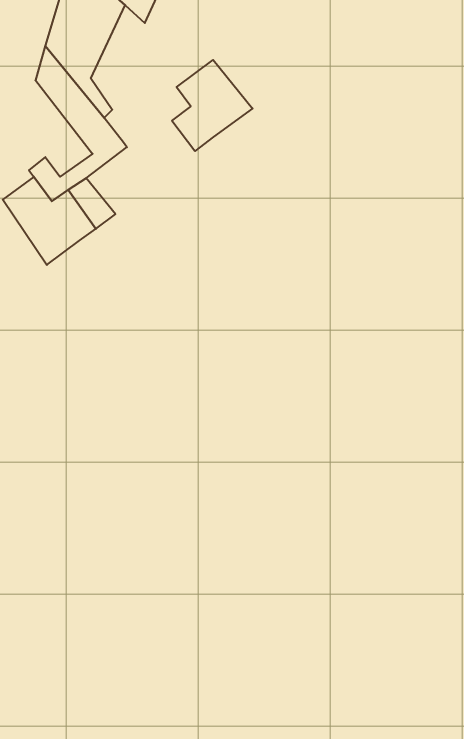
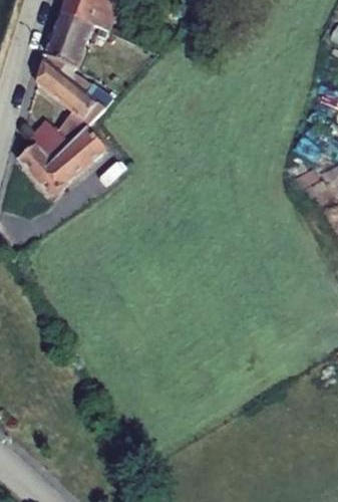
building: [172,60,253,151] -> none

